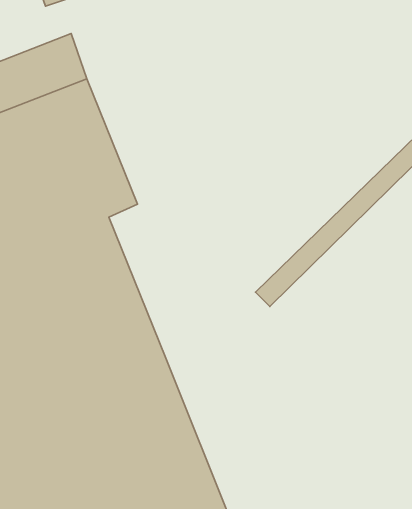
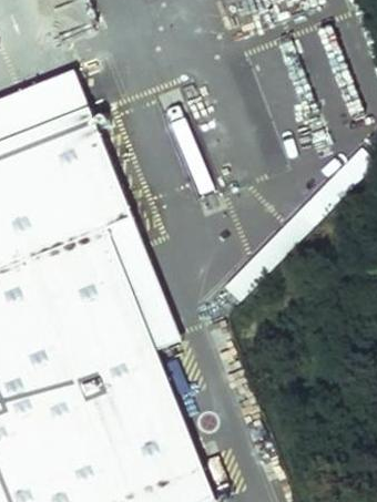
building: none -> [103,214,180,346]

